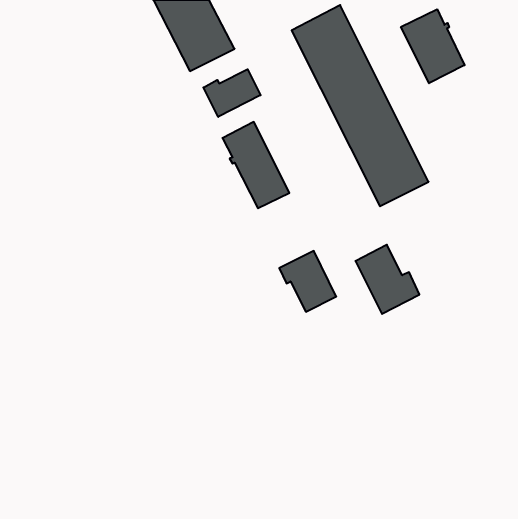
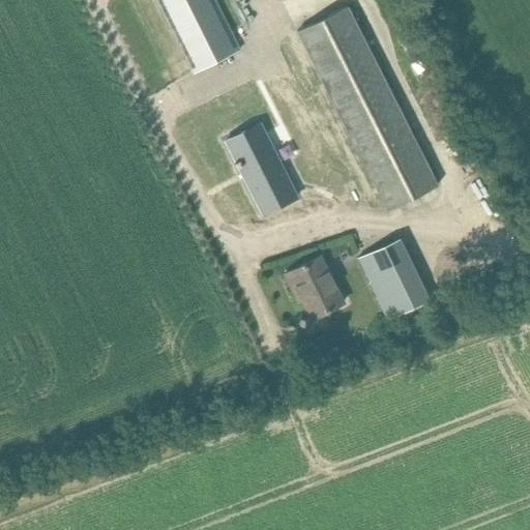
building: [401,9,465,83] -> none
building: [203,69,261,117] -> none

